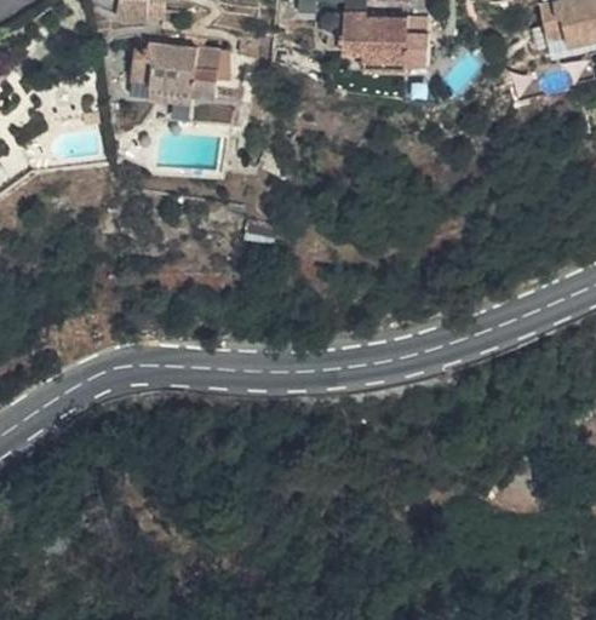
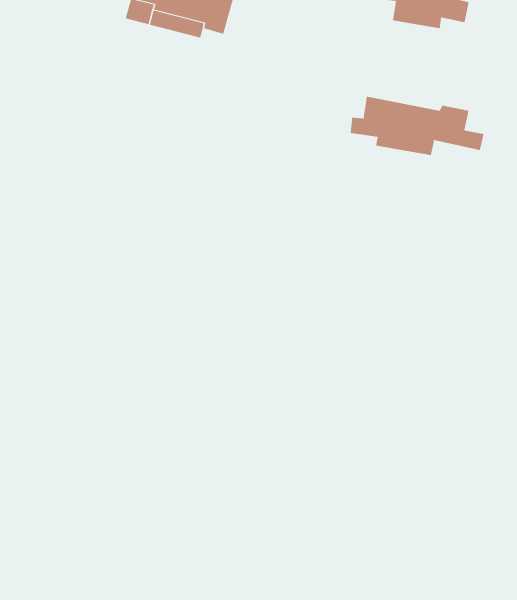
building: none -> [350,96,484,156]

